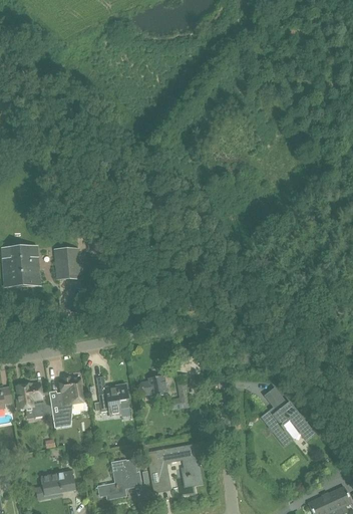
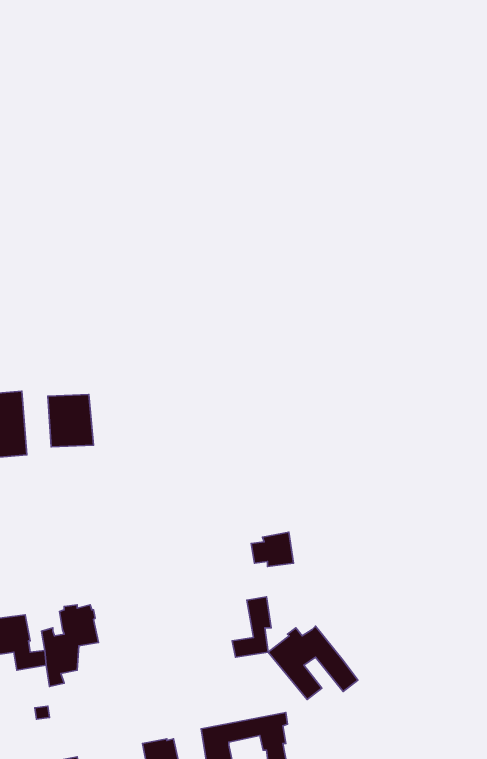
building: [140,374,166,396] -> [251,532,294,566]
building: [96,375,129,415] -> none
building: [260,401,315,446] -> [268,626,358,700]

